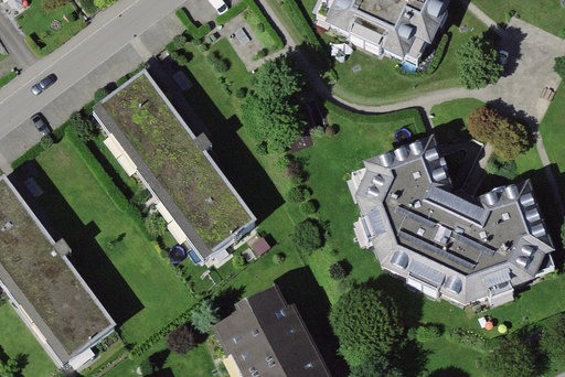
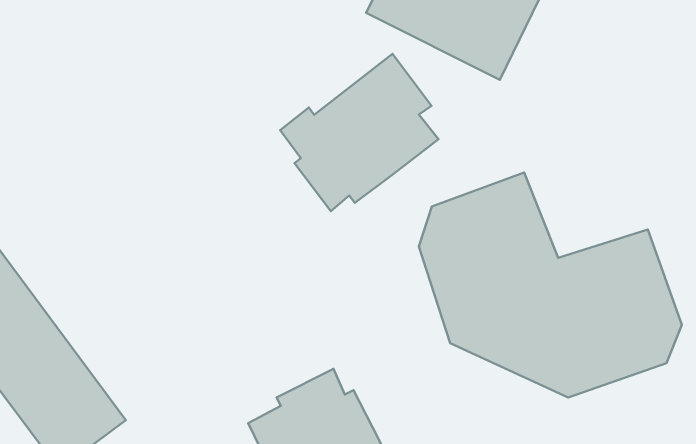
building: none -> [280,54,438,211]
building: [93,72,256,259] -> none

